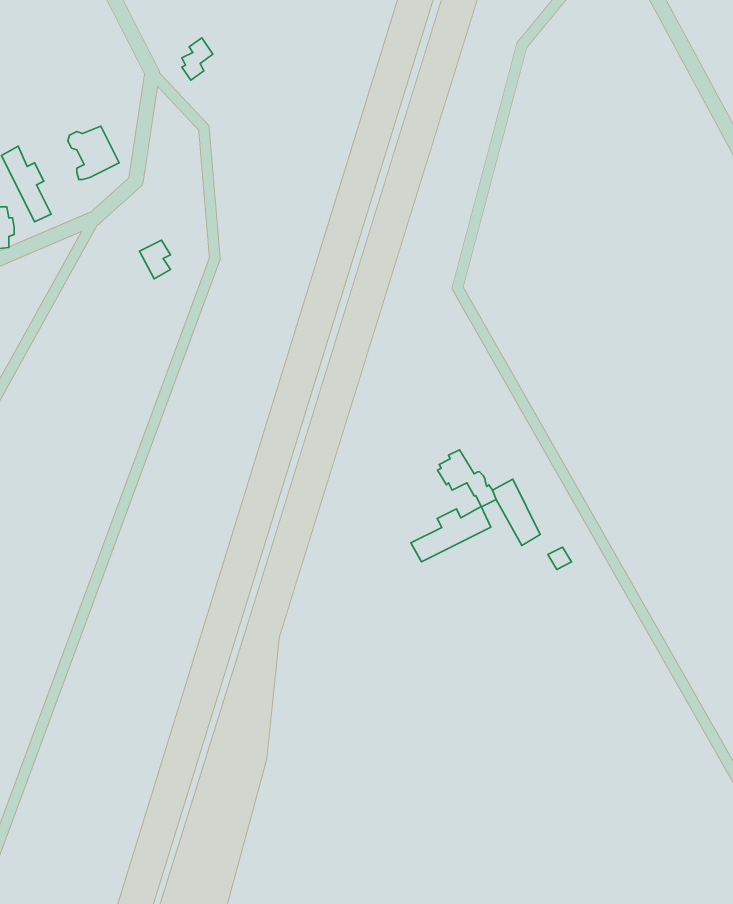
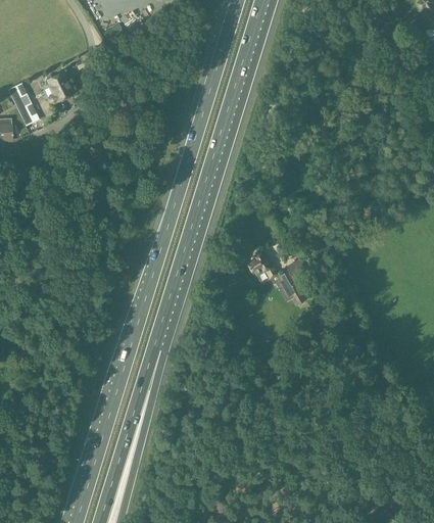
building: [411,506,491,562] -> none

